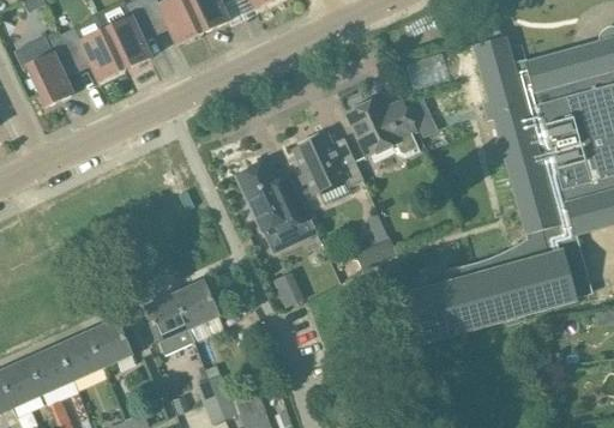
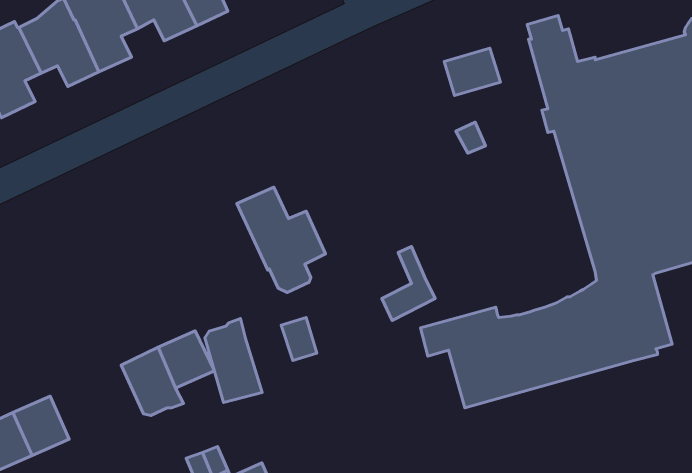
building: [347,100,420,158] -> none
building: [295,134,363,206] -> none
building: none -> [205,319,262,402]
building: [85,320,131,368] -> none

